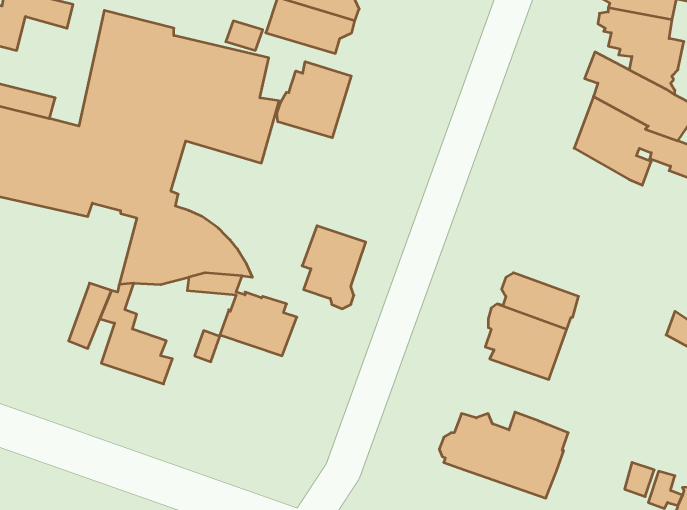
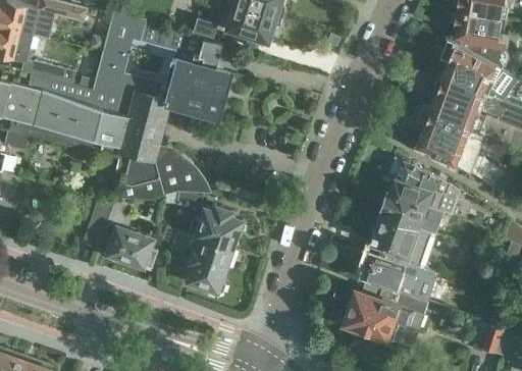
building: [277,62,351,138] -> none
building: none -> [417,104,505,190]
building: none -> [389,159,461,214]
building: [302,226,366,309] -> [188,238,231,296]
building: none -> [355,251,435,295]

